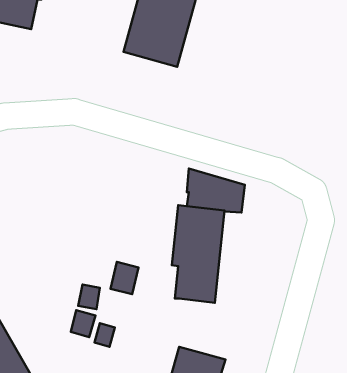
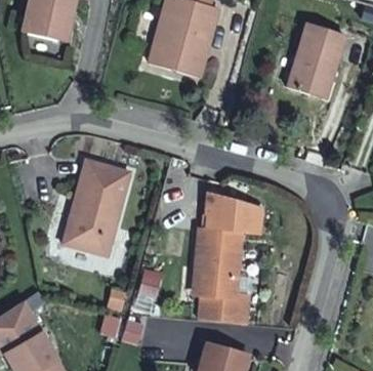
building: none -> [288,24,345,99]
building: none -> [63,158,130,253]
building: none -> [200,293,251,325]

